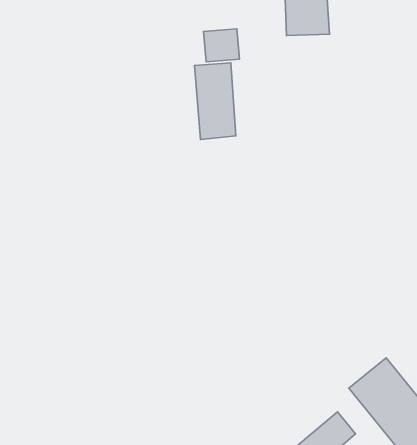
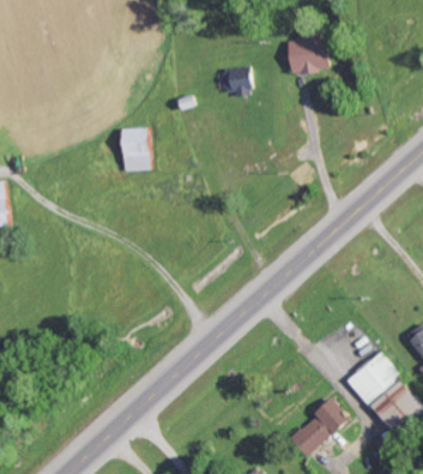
building: [194,63,236,139] -> none
building: none -> [121,127,149,170]

